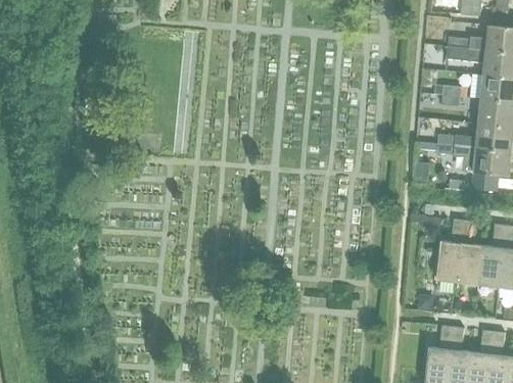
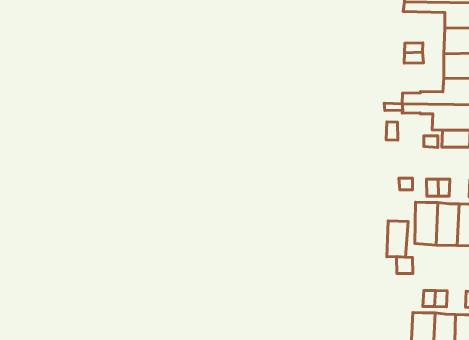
building: none -> [387,221,408,257]

